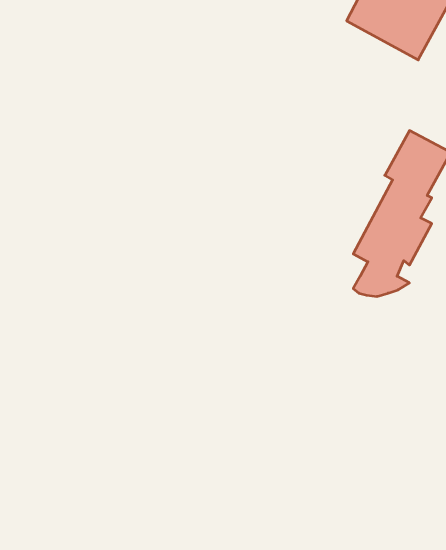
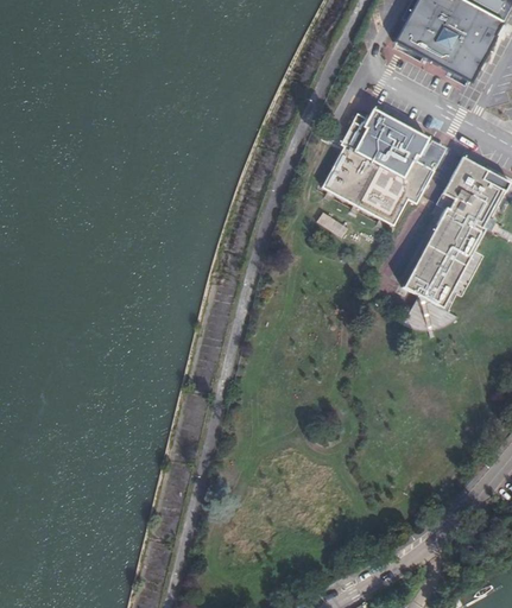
building: none -> [324,109,441,224]

